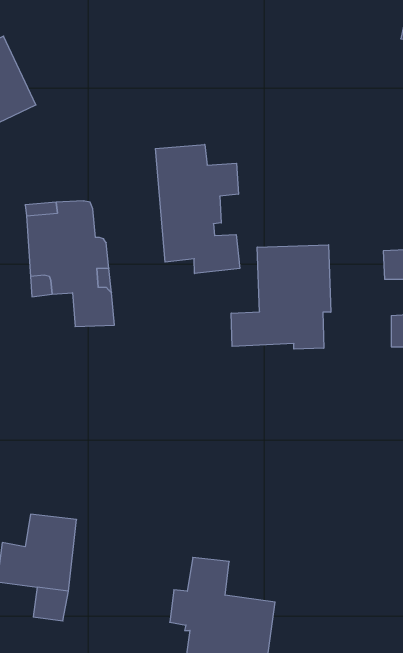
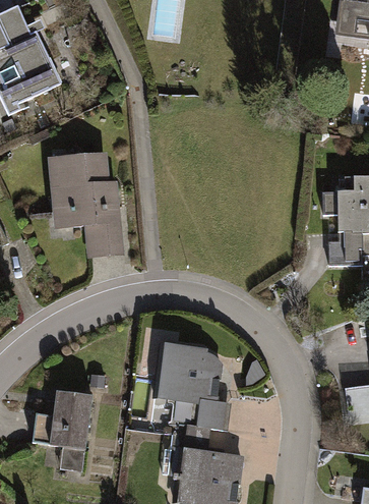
building: [155,144,240,274] -> none
building: [231,245,331,349] -> none
building: none -> [153,344,226,429]

